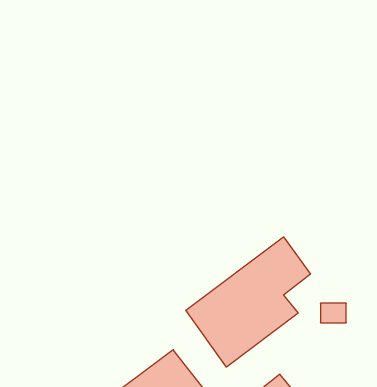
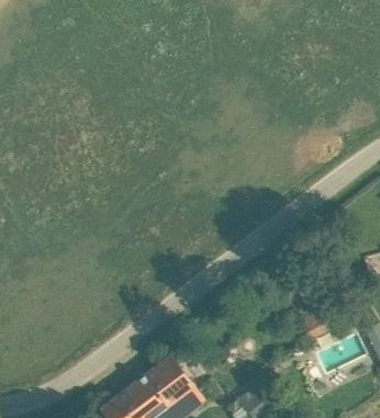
building: [186,237,310,367] -> none

